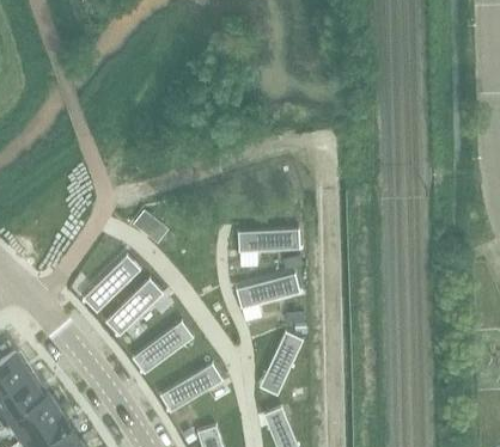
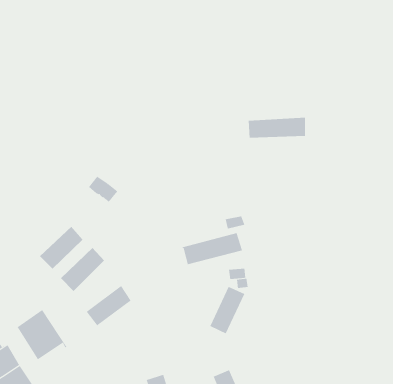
building: [238,228,300,251] -> [248,117,306,138]
building: none -> [17,309,67,360]
building: [160,369,211,411] -> none

